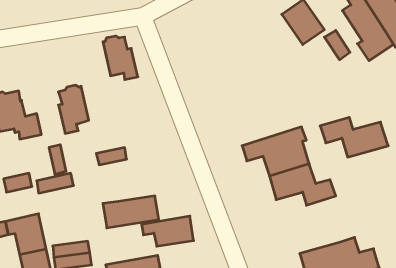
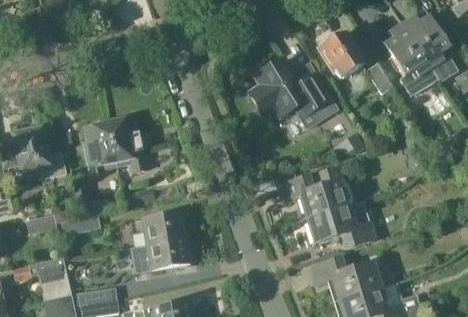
building: none -> [250,59,338,120]
building: [103,36,138,80] -> [108,117,145,163]
building: [320,117,388,157] -> [310,258,382,300]
building: [142,216,194,246] -> [131,213,186,245]

